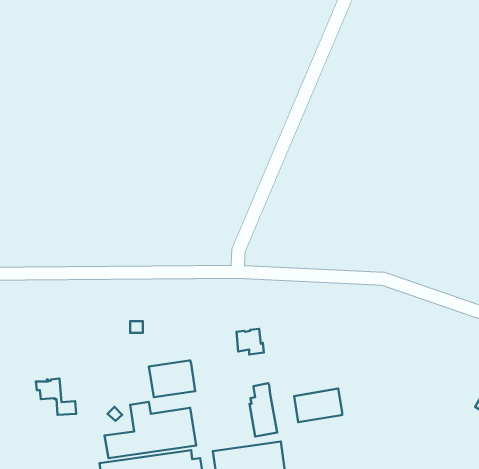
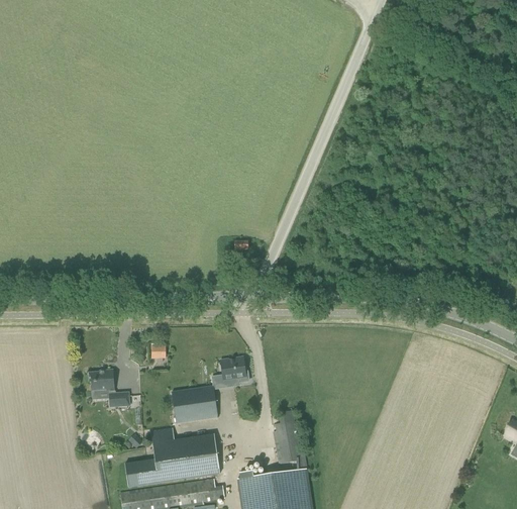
building: [236,329,264,355] -> [220,358,248,384]
building: [36,378,76,415] -> [88,370,129,407]
building: [294,389,342,422] -> none

